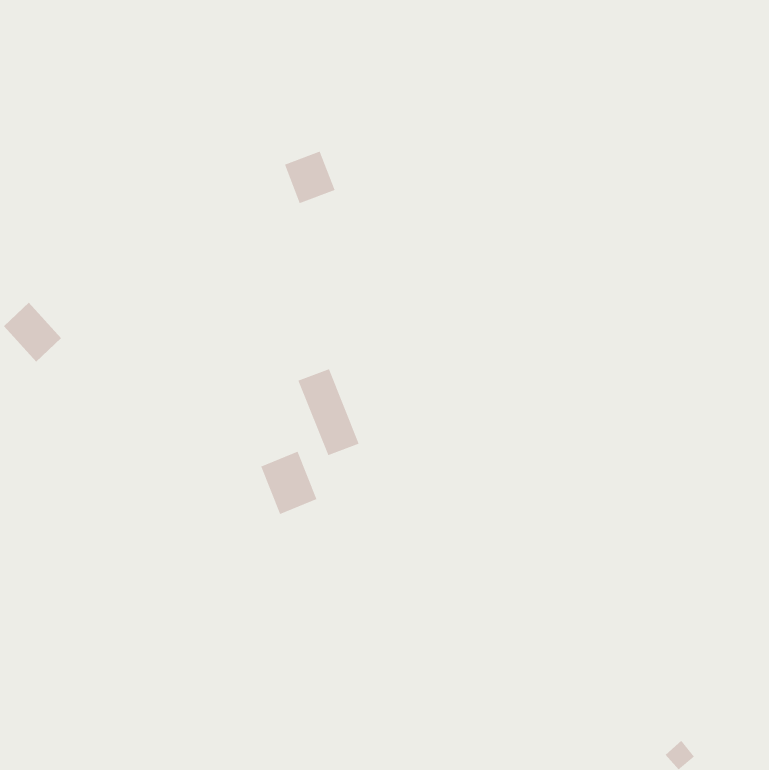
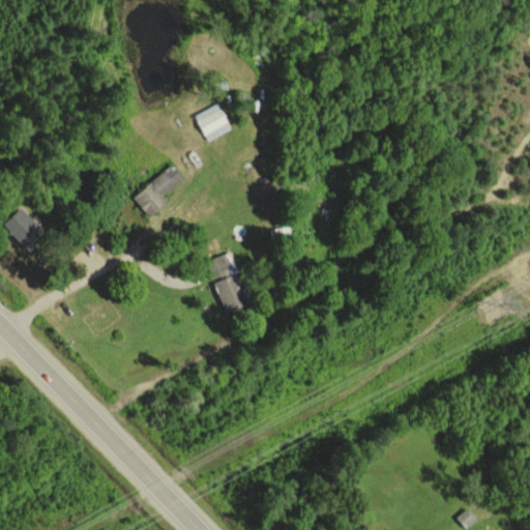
building: none -> [135,165,184,217]
building: [260,451,317,515] -> none

